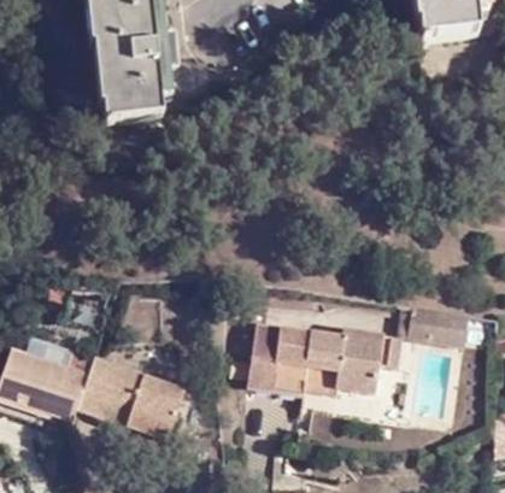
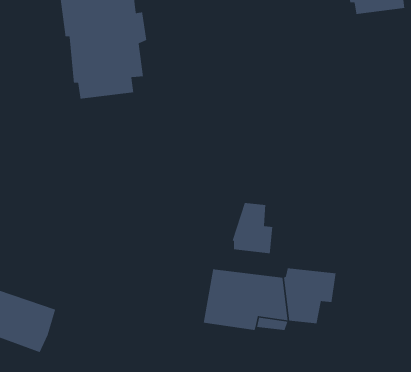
building: none -> [232,202,273,254]
building: [410,304,472,341] -> none
building: [75,350,178,434] -> none

